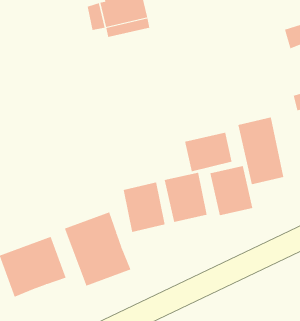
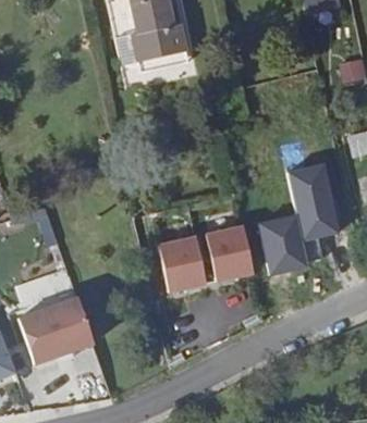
building: [184,132,232,172] -> none
building: [64,211,131,287] -> none

